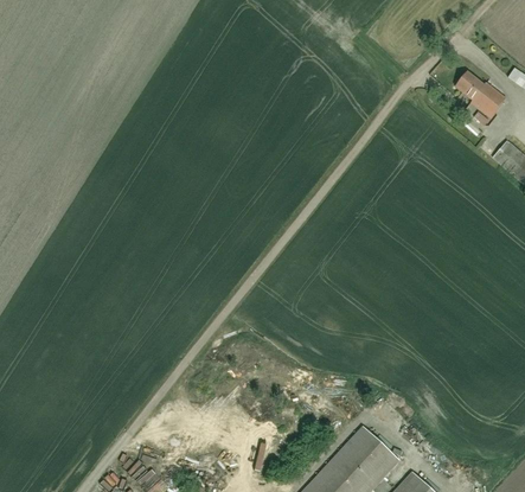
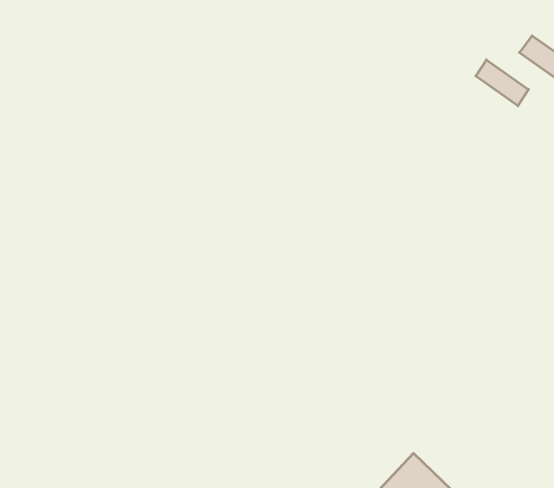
building: none -> [476,60,529,106]

